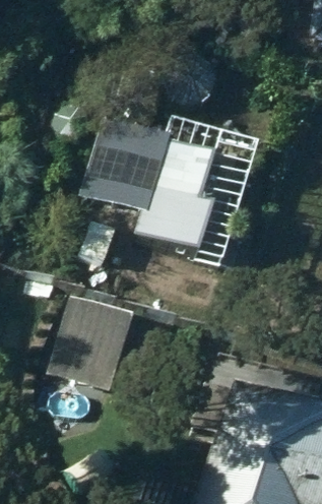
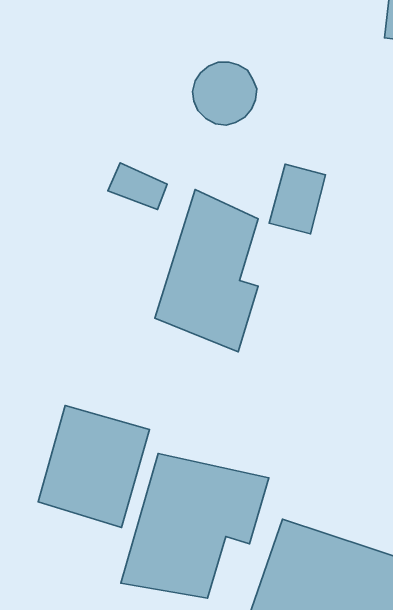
building: none -> [121,454,269,598]

